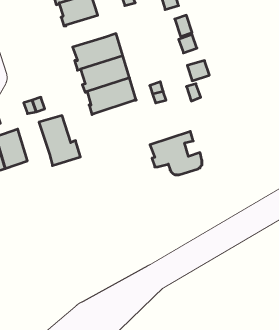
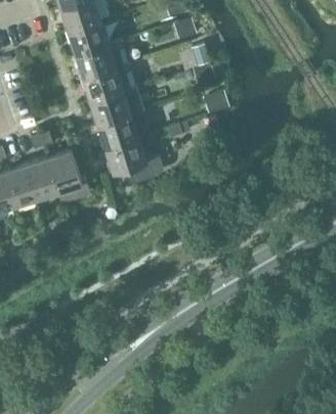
building: none -> [75,40,128,79]
building: none -> [24,157,57,198]
building: [150,131,202,175] -> [104,134,160,180]

